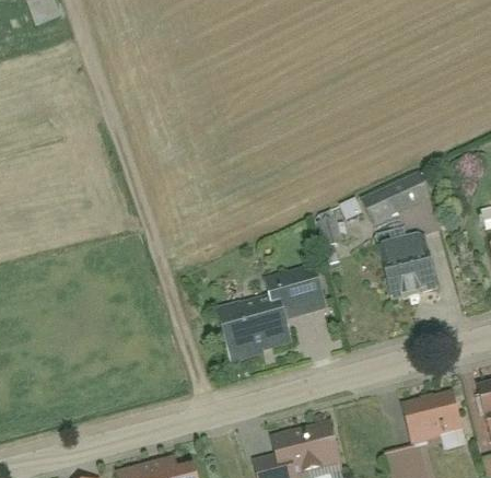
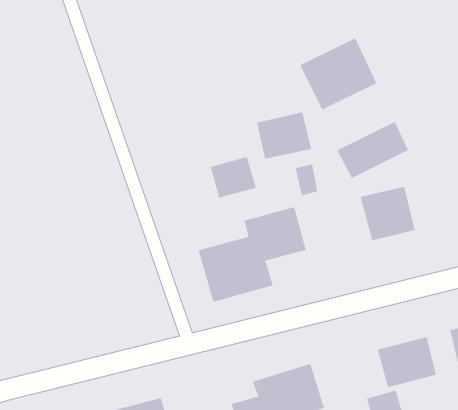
building: none -> [300,37,377,110]
building: none -> [256,112,312,159]
building: none -> [210,156,256,199]

